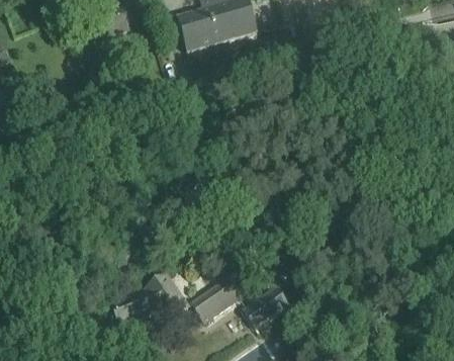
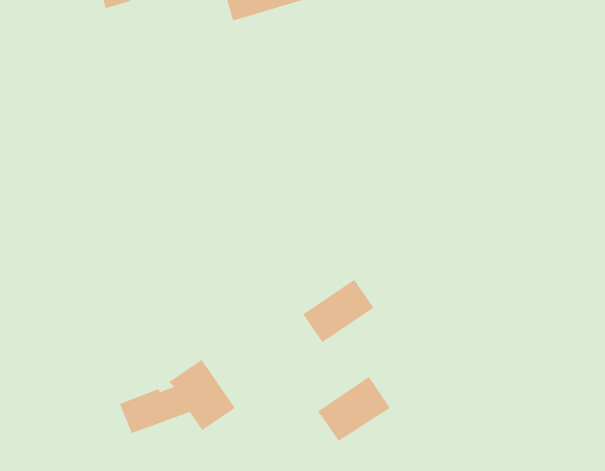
building: [192,278,240,321] -> [302,279,374,343]

